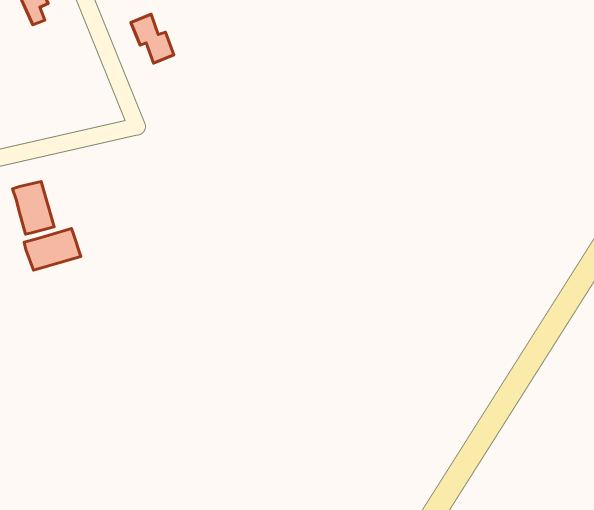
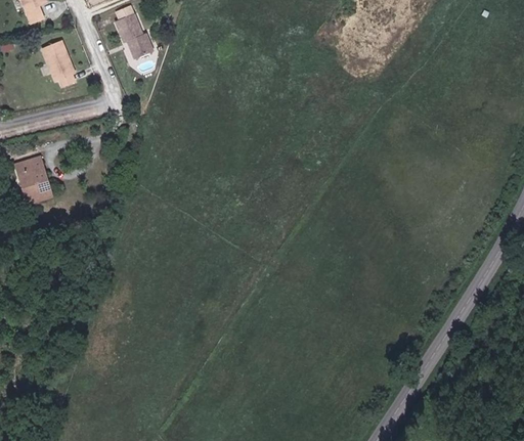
building: none -> [42,41,75,86]
building: [24,228,81,270] -> none

